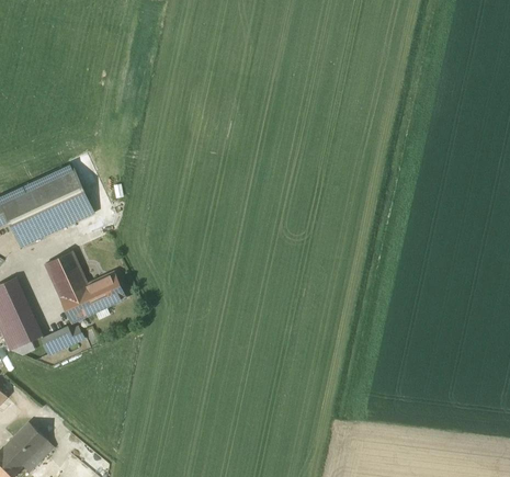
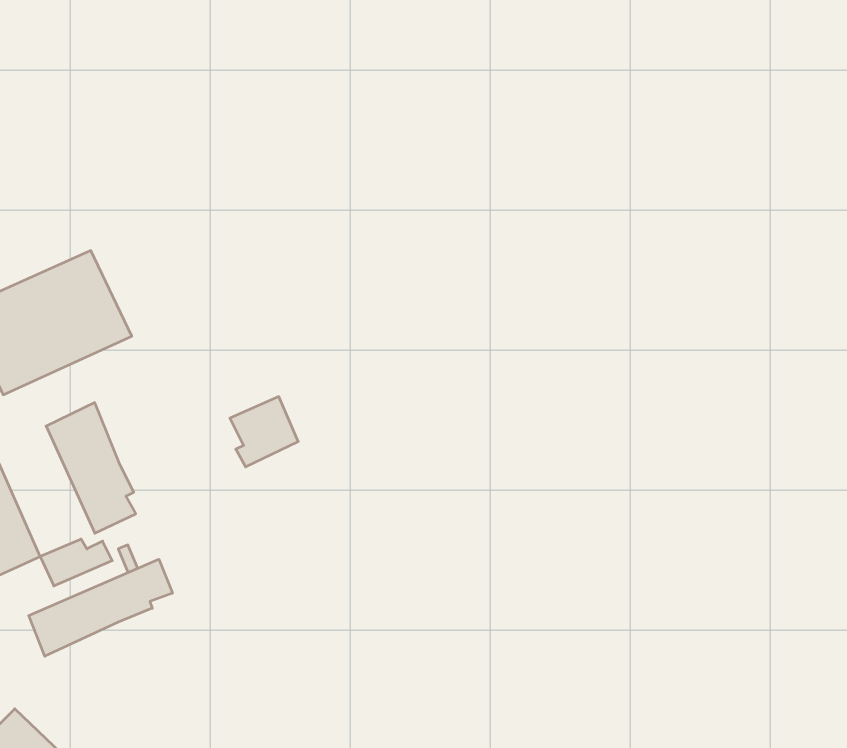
building: [87,273,125,313] -> [230,397,298,467]
building: none -> [29,559,172,656]

